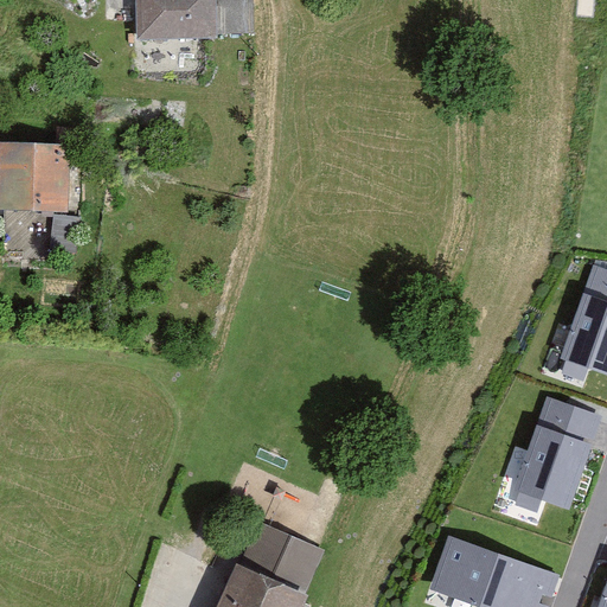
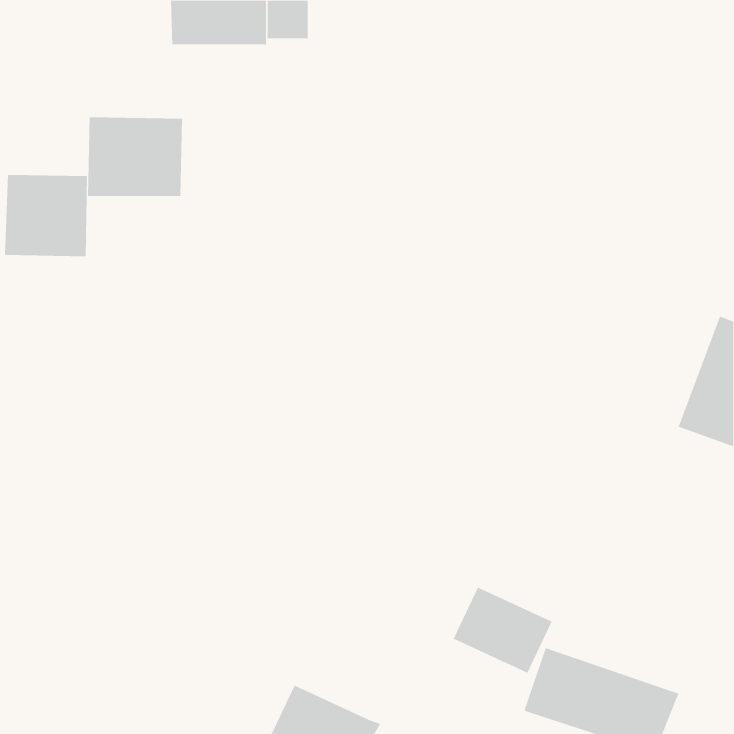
building: none -> [88,117,182,197]
building: [510,392,599,504] -> none
building: [242,523,324,594] -> [453,587,552,673]

